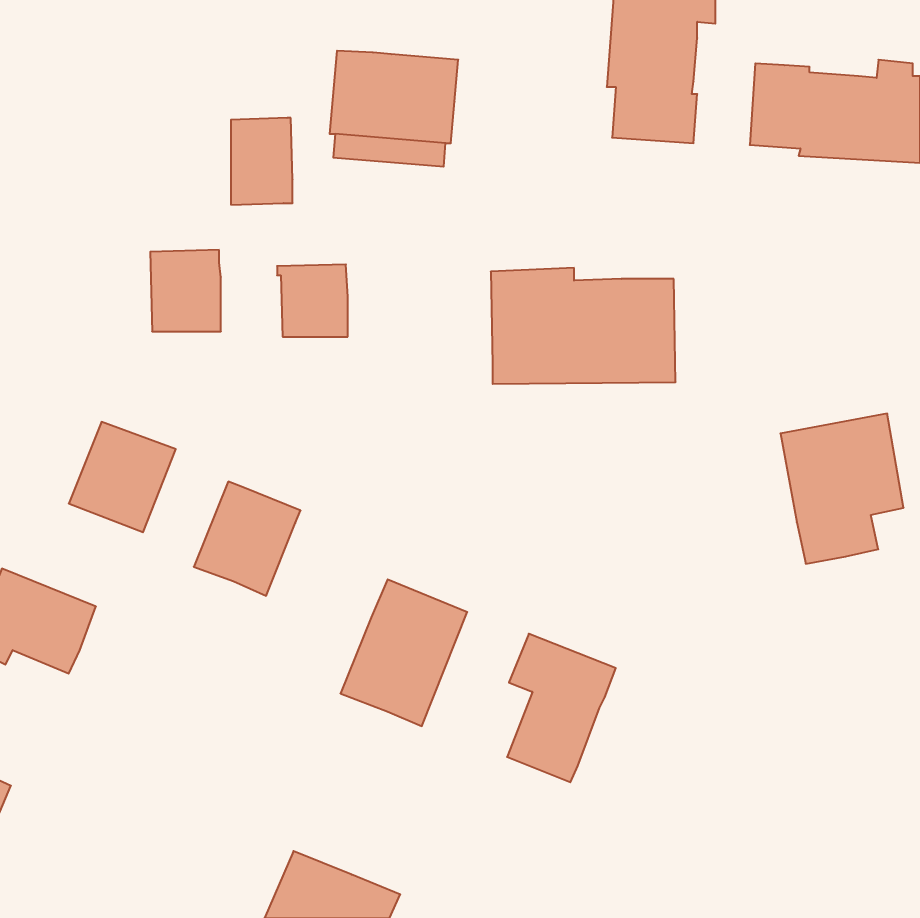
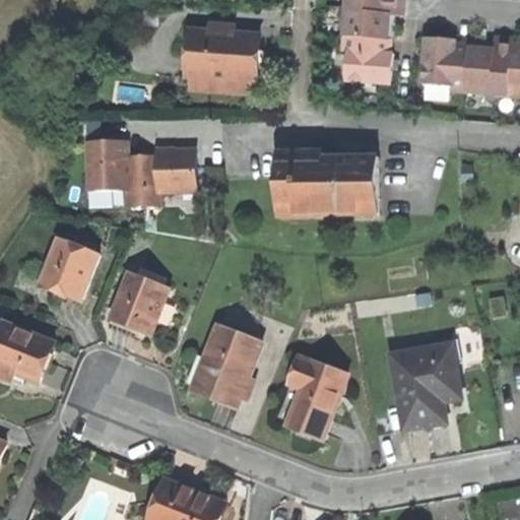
building: [231,118,293,205] -> [124,154,158,203]
building: [780,414,904,564] -> [390,343,459,428]

